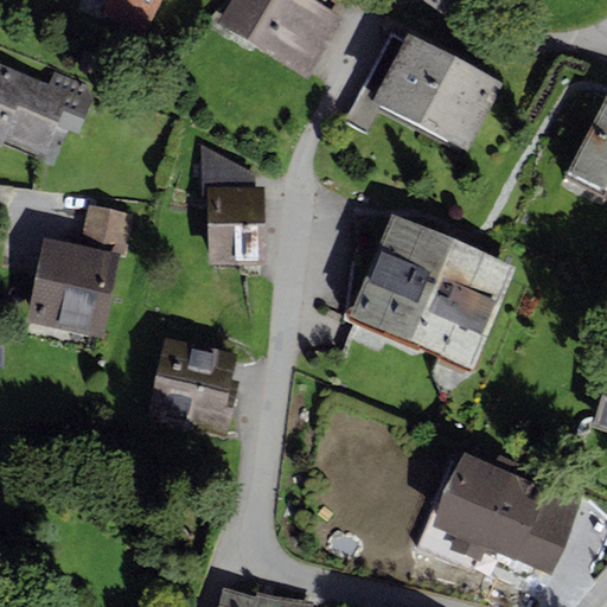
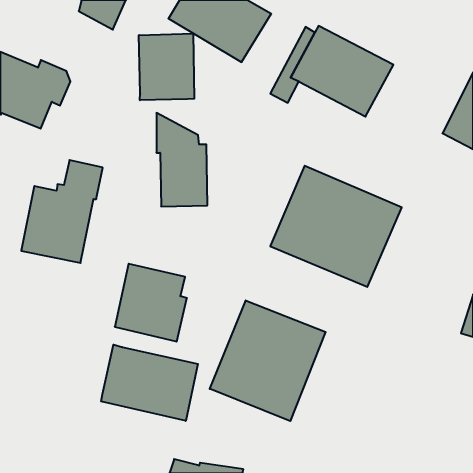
building: none -> [139,34,194,100]
building: none -> [210,300,326,421]
building: none -> [101,345,198,421]
building: [432,449,582,574] -> none

